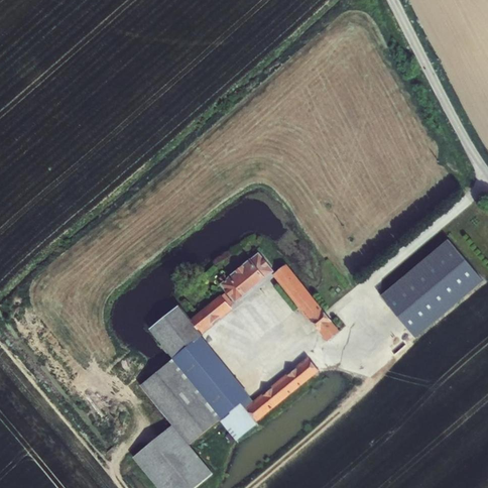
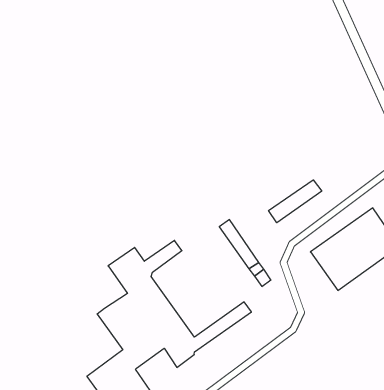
building: none -> [269,180,322,223]
building: [218,252,272,302] -> none

